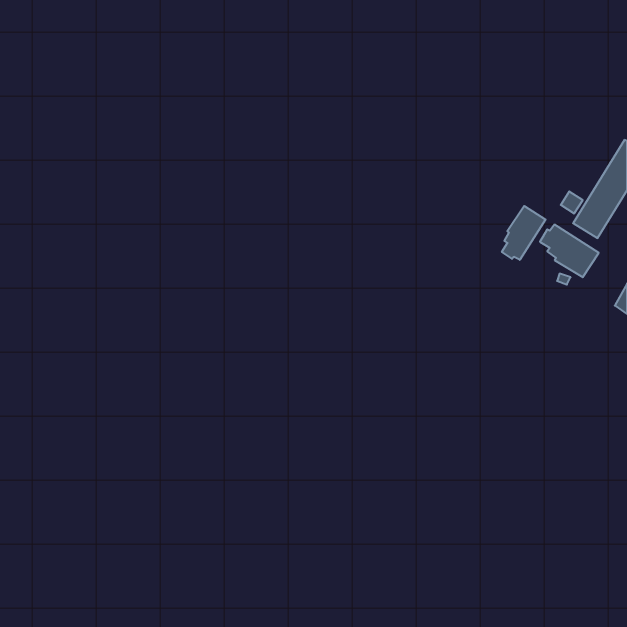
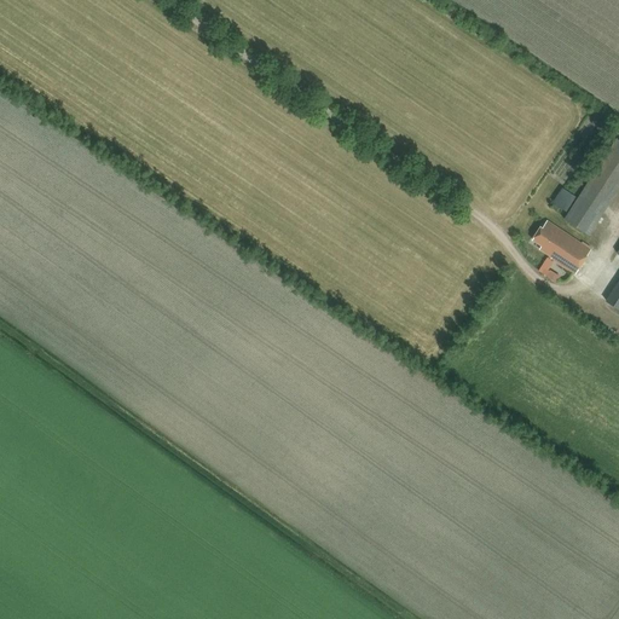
building: [502,206,546,260] -> none

